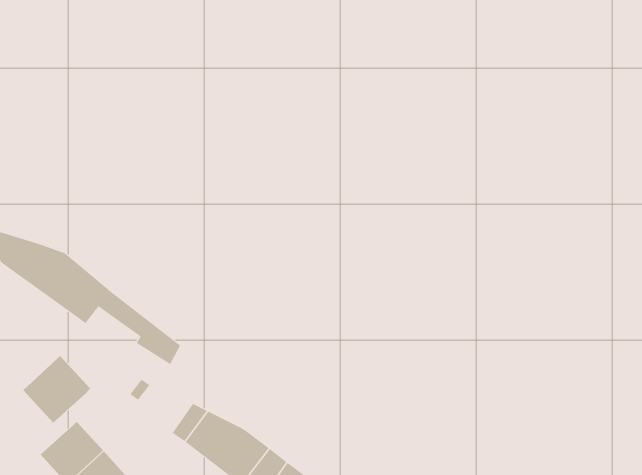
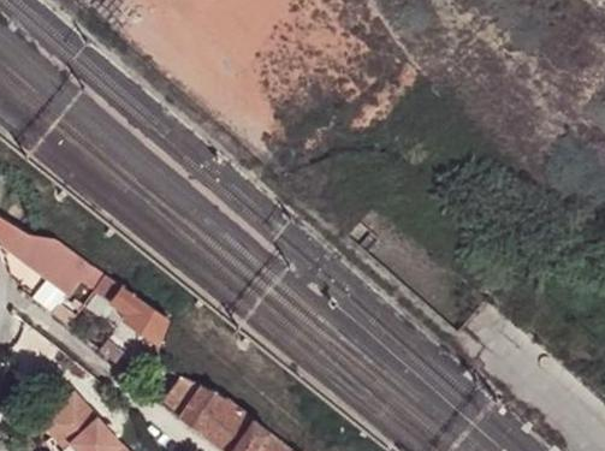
building: [23,355,91,424] -> none

